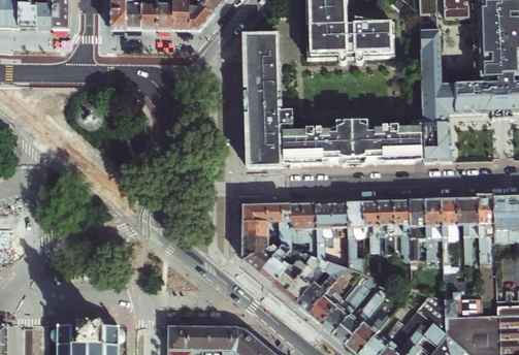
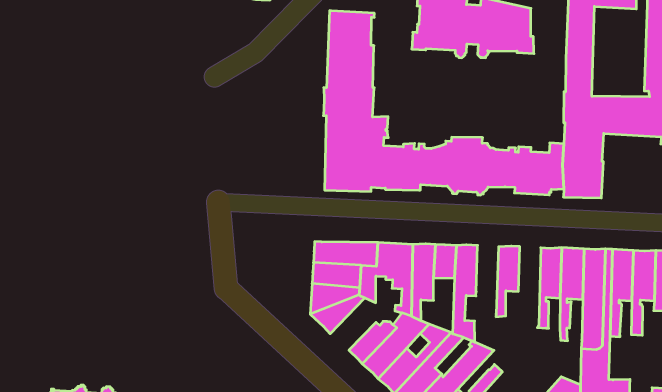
building: [393,199,411,256] -> none
building: [362,200,379,250] -> none
building: [258,244,299,283] -> none

